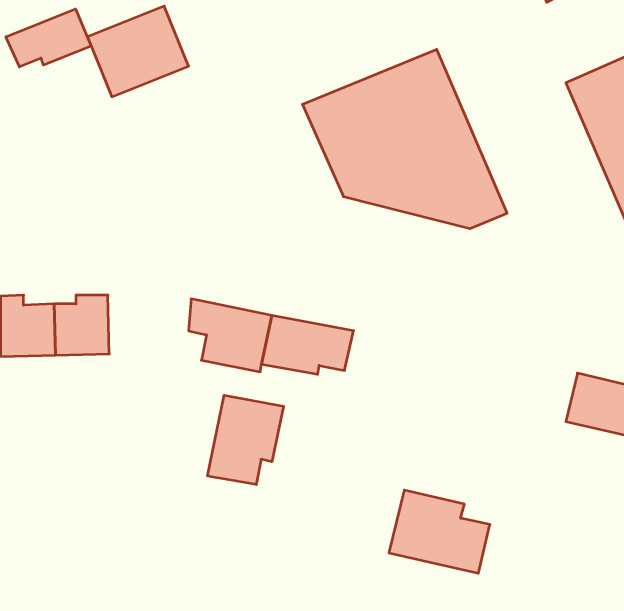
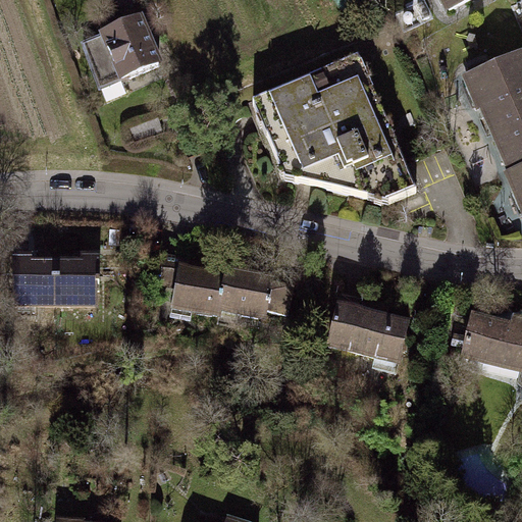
building: [6,9,91,67] -> none
building: [208,395,284,485] -> none
building: [389,490,490,573] -> [327,292,408,358]

